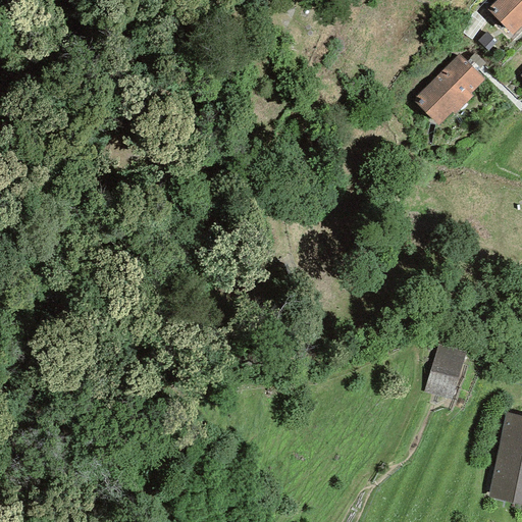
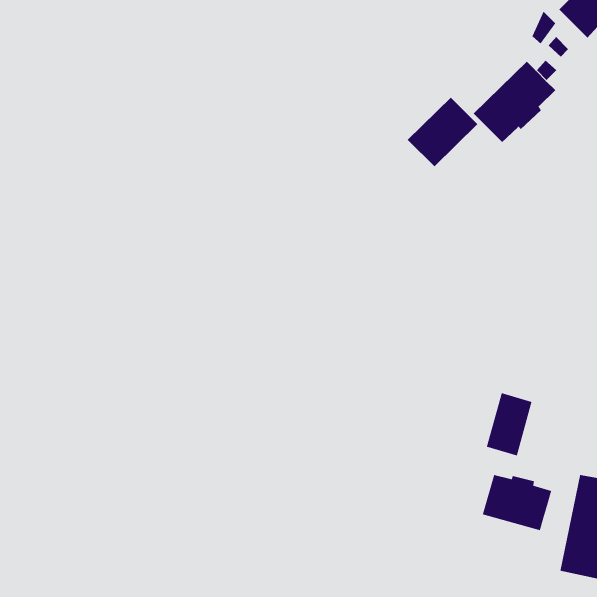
building: none -> [407,97,478,167]
building: none -> [482,474,552,531]

